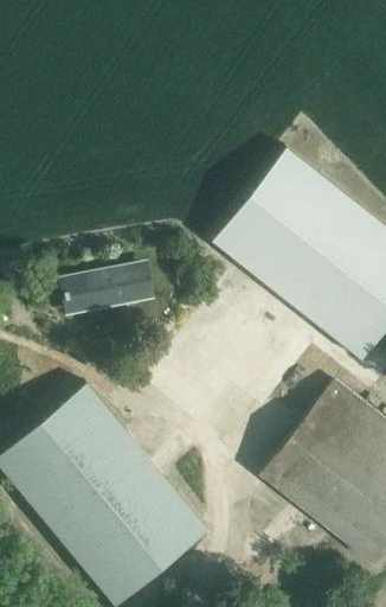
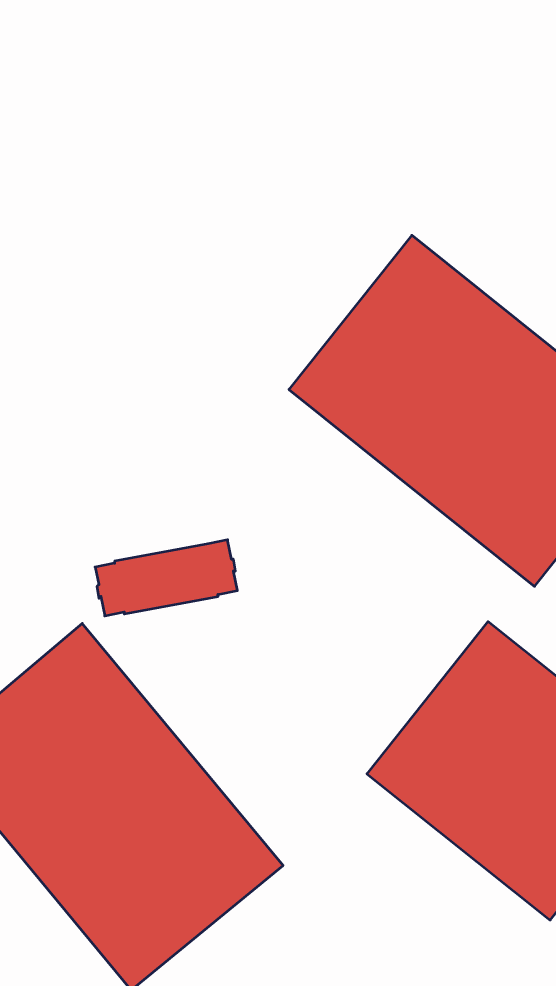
building: [64,266,150,312] -> [95,540,237,616]

